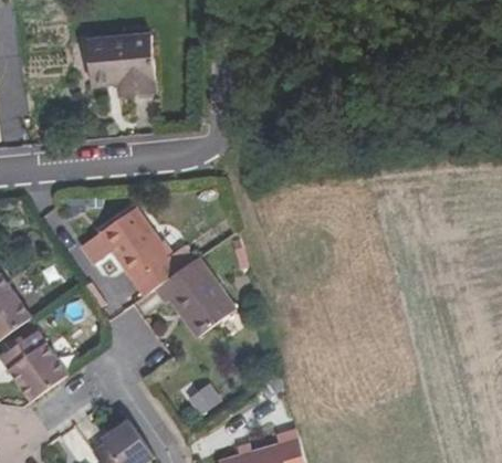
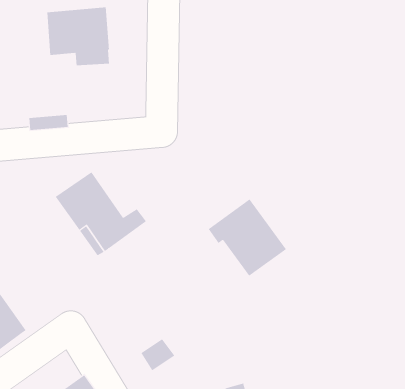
building: [153,255,236,337] -> [208,198,287,277]

